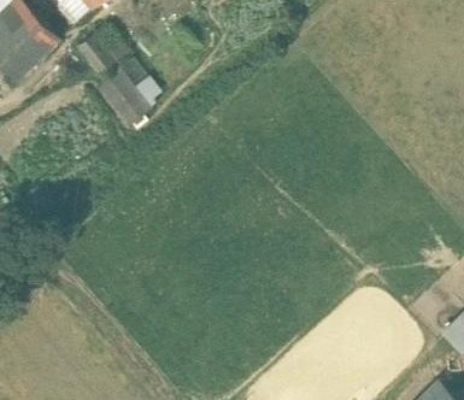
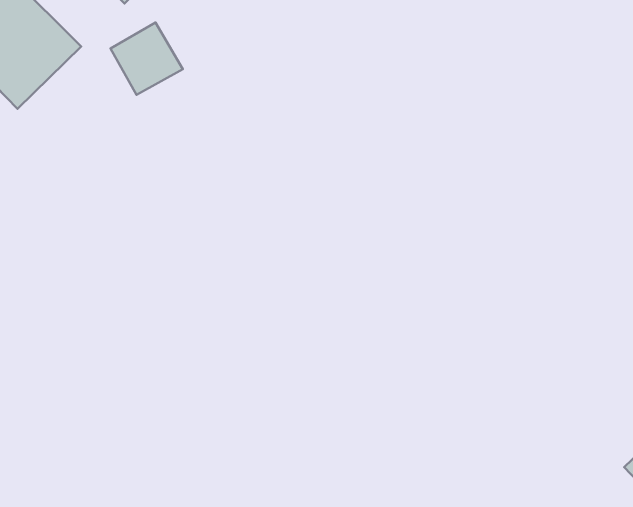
building: [95,57,164,125] -> none

